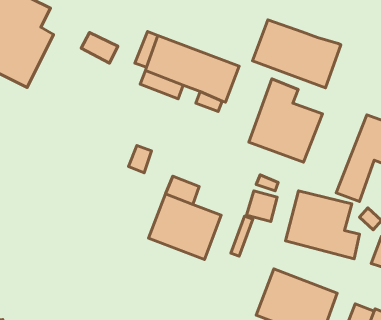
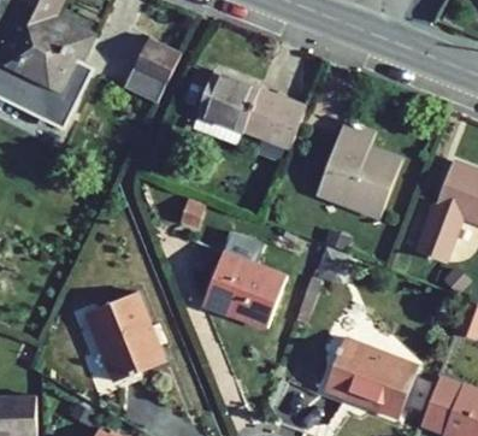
building: none -> [135,39,182,84]
building: [252,20,341,88] -> none
building: [286,191,360,259] -> none
building: none -> [87,291,164,382]

